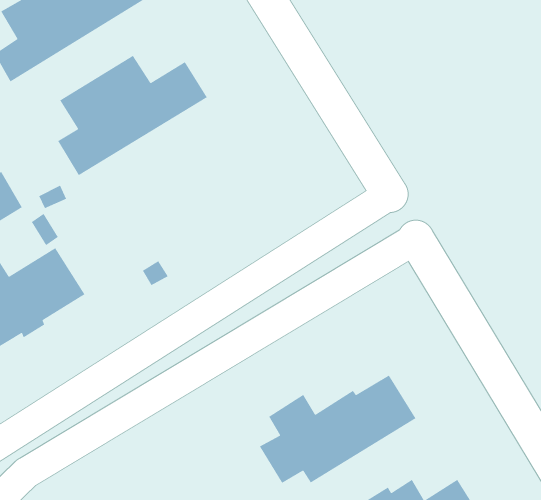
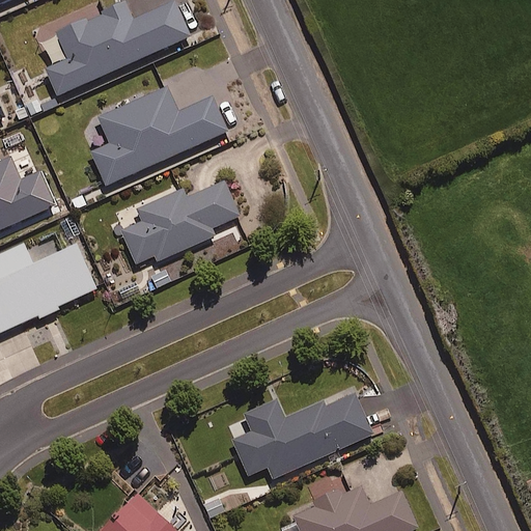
building: none -> [120,181,237,264]

